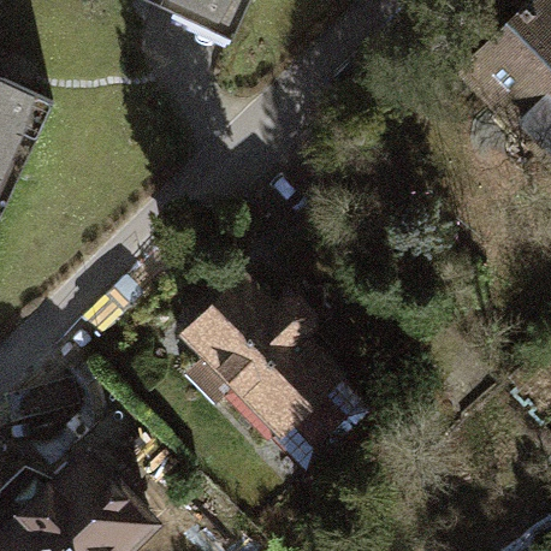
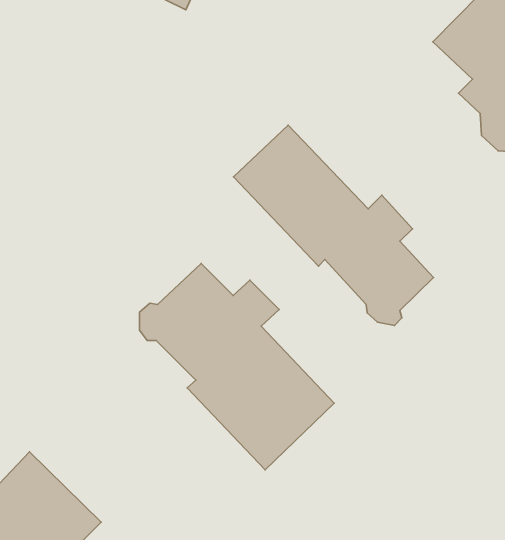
building: none -> [233,125,433,326]

